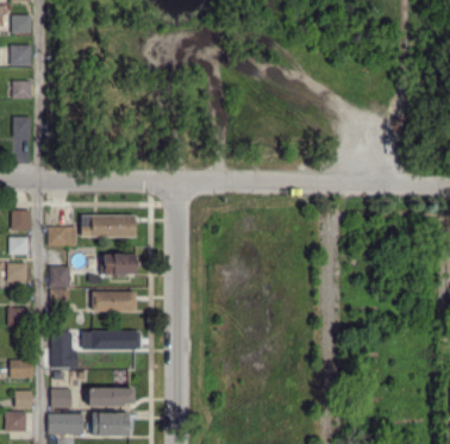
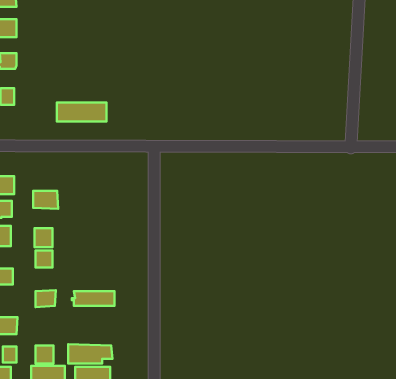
building: [82,215,135,236] -> [57,102,106,122]
building: [102,255,137,274] -> none
building: [93,292,135,309] -> none

